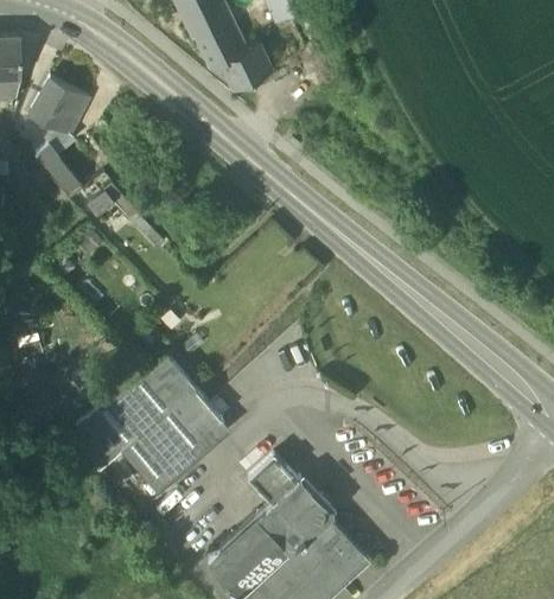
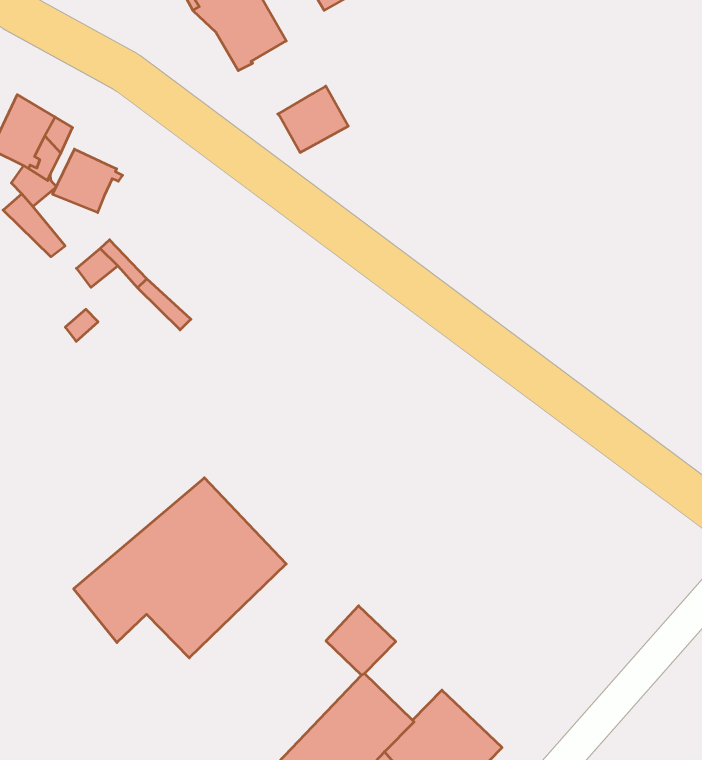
building: [221,44,270,90] -> [278,86,348,152]
building: none -> [53,149,123,213]
building: [274,480,333,540] -> none

